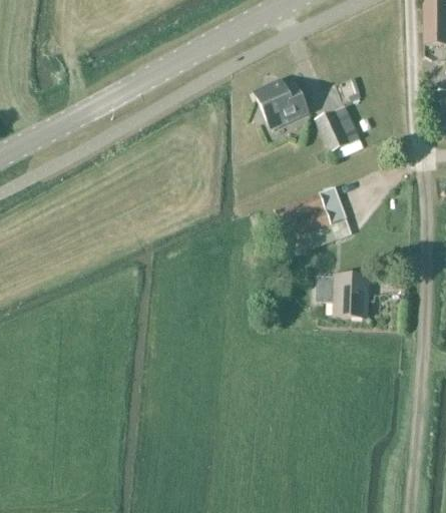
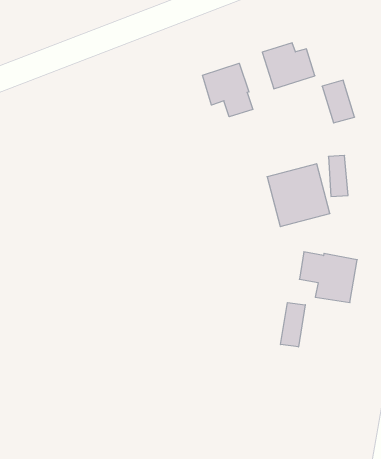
building: none -> [202,63,253,117]
building: none -> [281,303,305,347]

